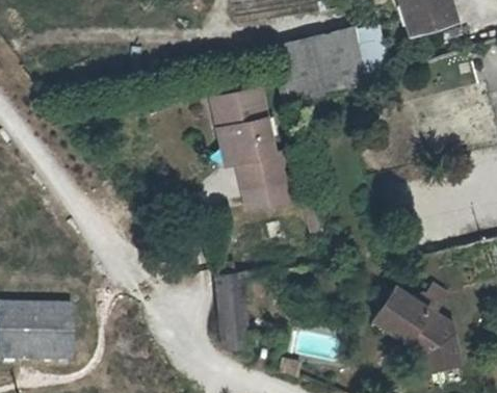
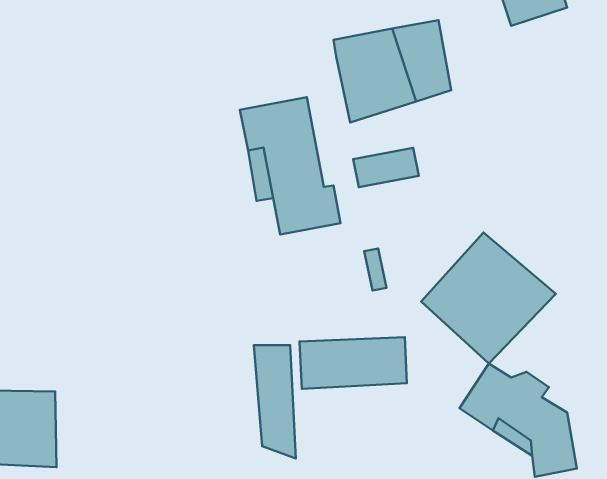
building: [239,178,288,207] -> [353,148,419,187]
building: none -> [421,233,556,363]
building: none -> [300,337,407,389]

